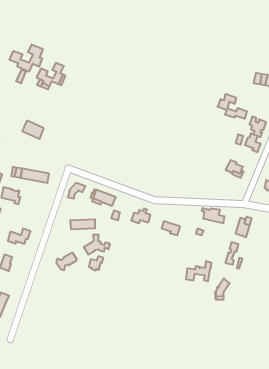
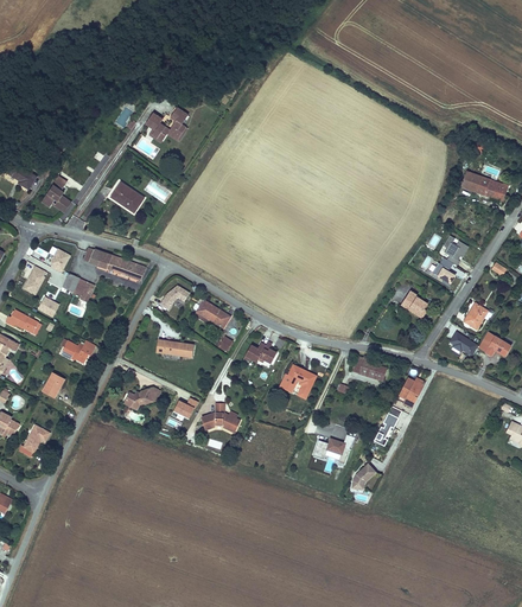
building: [10,44,43,72] -> none
building: [218,94,247,119] -> none
building: [84,235,110,254] -> [200,403,240,430]

